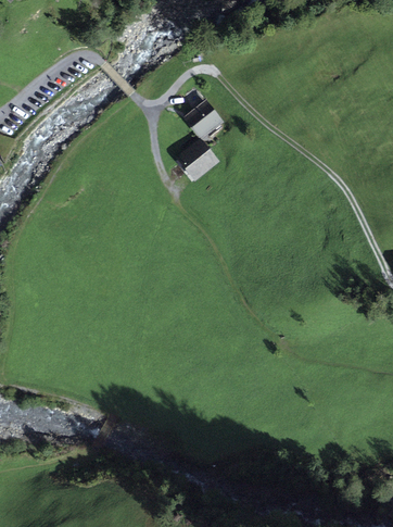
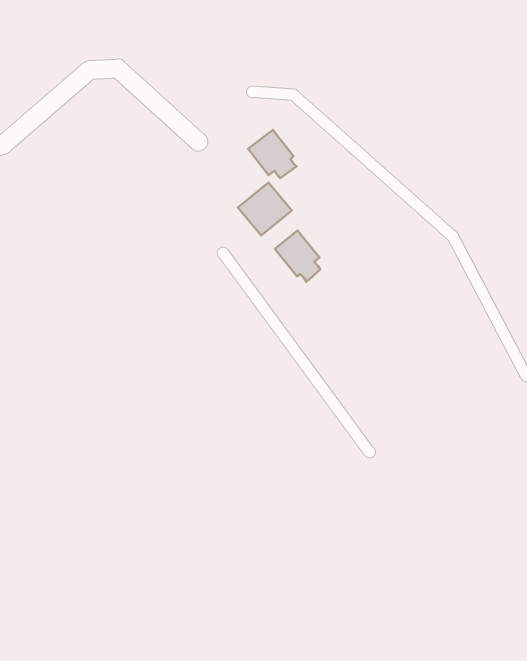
building: none -> [275,230,320,282]

